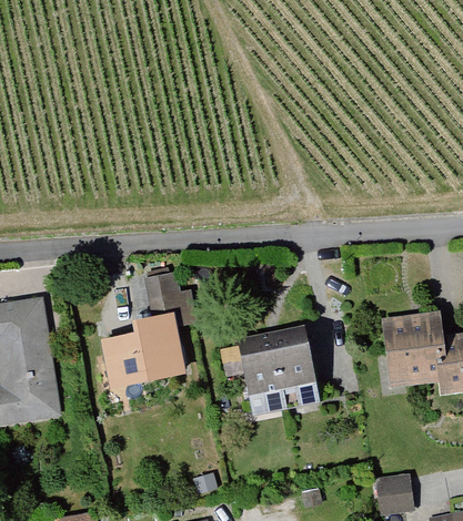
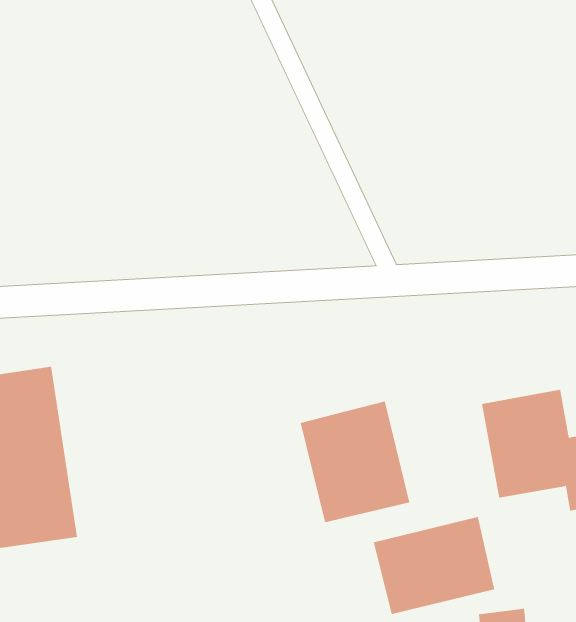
building: [94,277,201,389] -> none
building: none -> [373,516,495,615]

